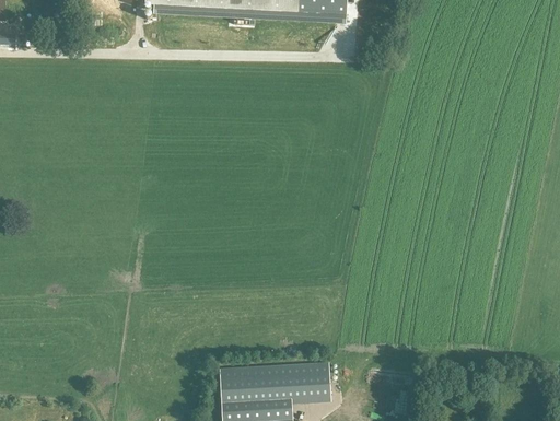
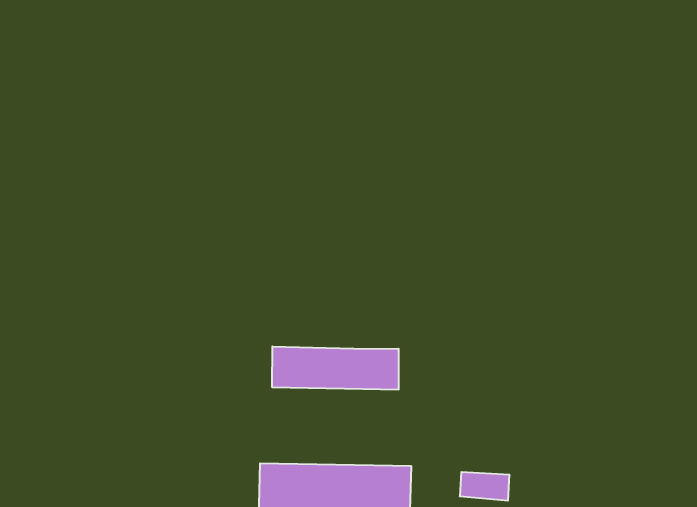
building: none -> [272,346,399,390]

